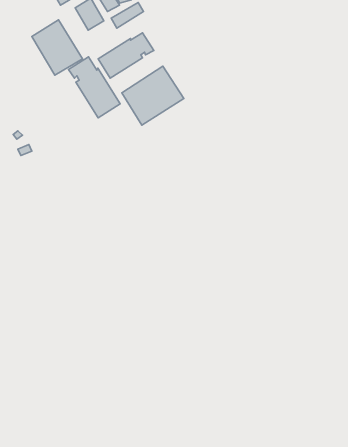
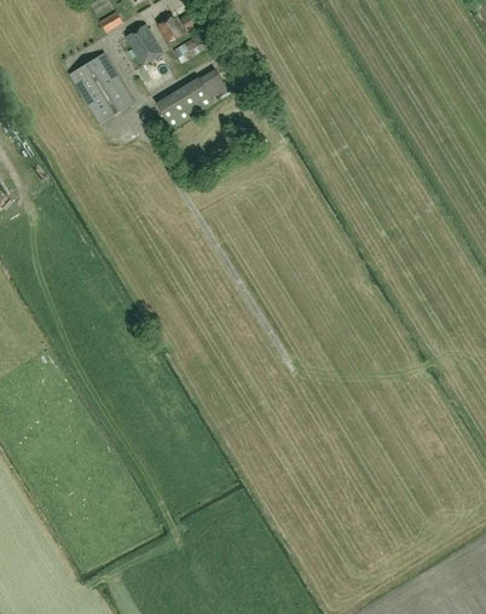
building: [68,57,120,118] -> none
building: [122,66,184,125] -> none

